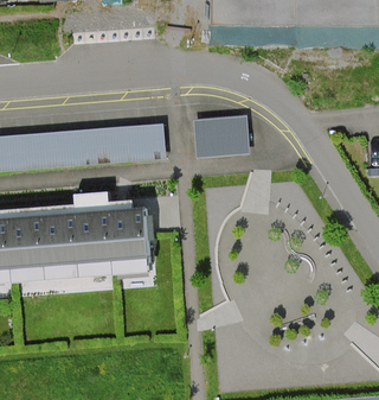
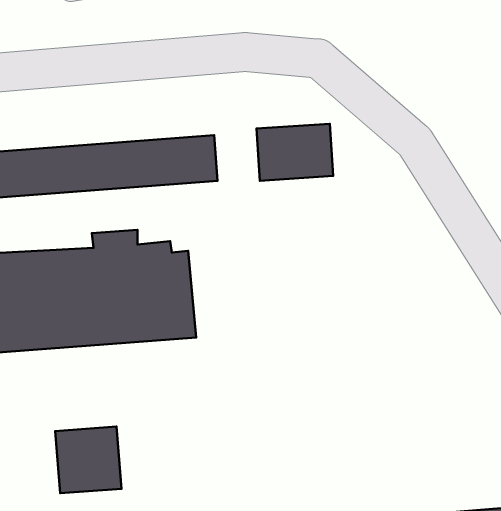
building: none -> [55,426,121,493]

